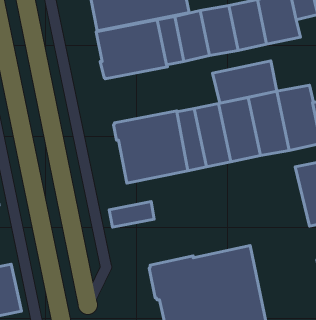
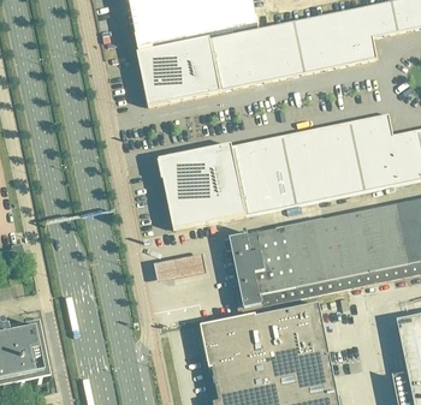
building: [213,61,277,103] -> none
building: none -> [224,209,389,309]

